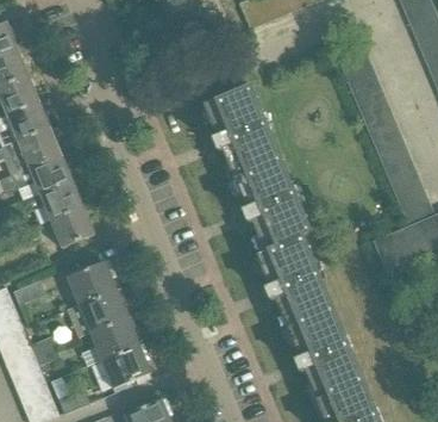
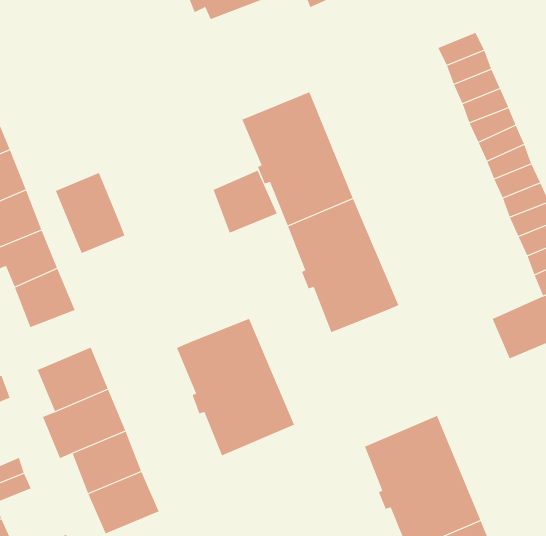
building: none -> [213,170,277,233]
building: none -> [55,172,125,254]
building: [257,234,338,328] -> [176,318,295,456]

